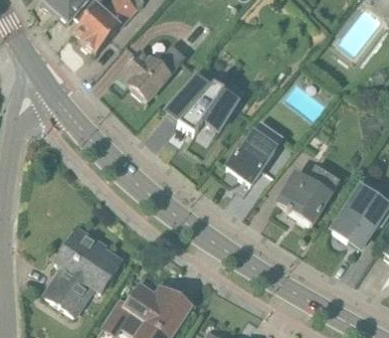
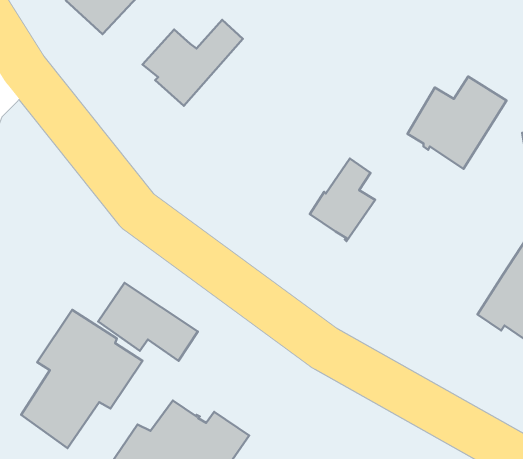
building: [167,75,236,134] -> none
building: [277,165,340,223] -> [408,76,506,169]
building: none -> [98,283,198,361]

